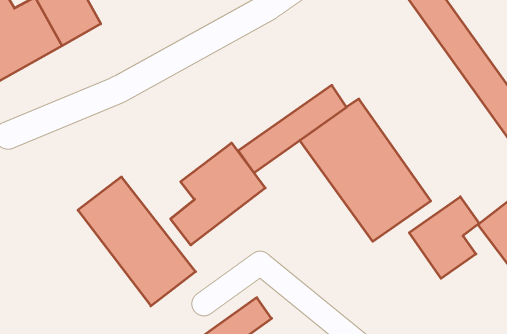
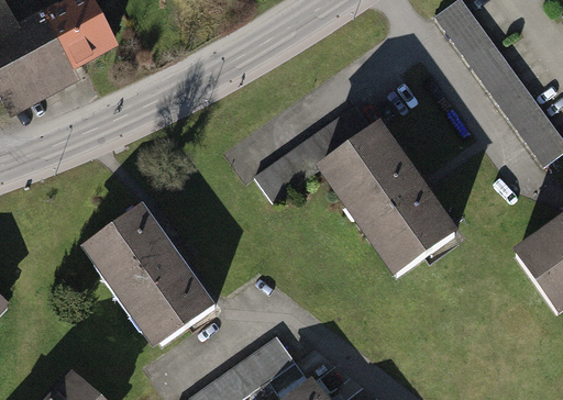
building: [171,143,265,245] -> none
building: [409,197,479,278] -> none

